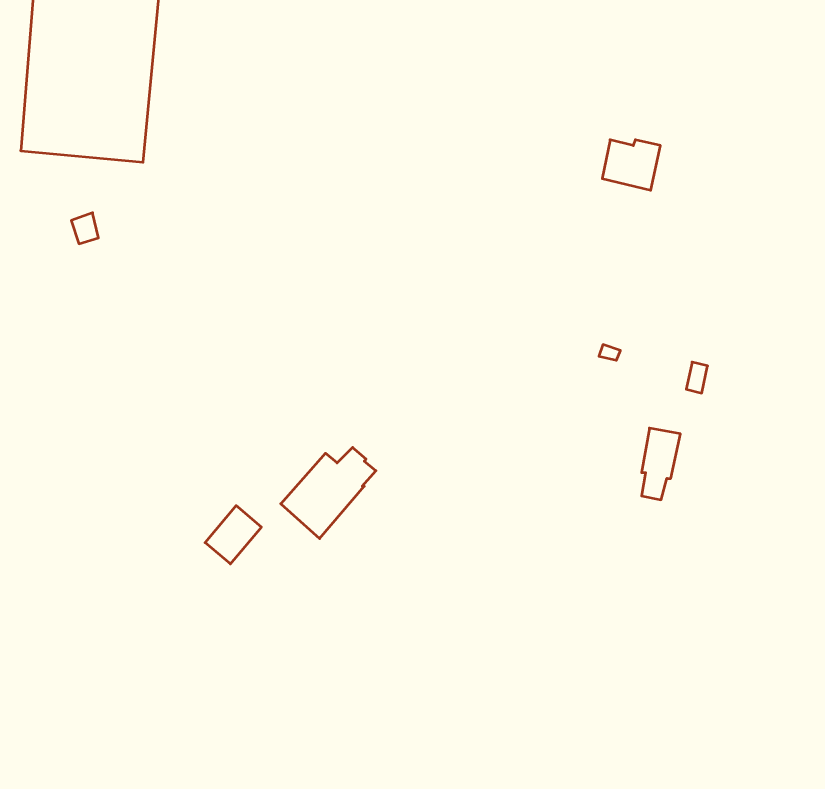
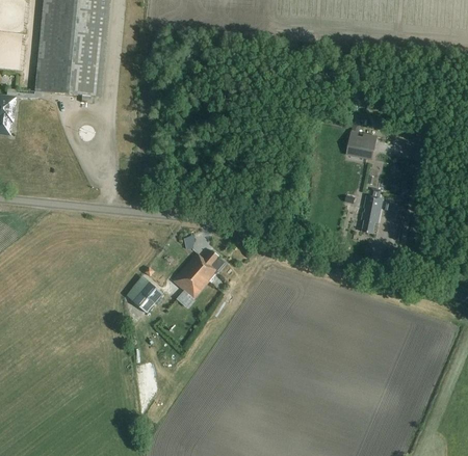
building: [602,140,660,190] -> [344,132,375,159]
building: [642,428,680,500] -> [361,193,382,232]

